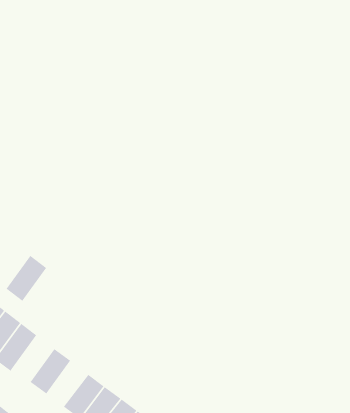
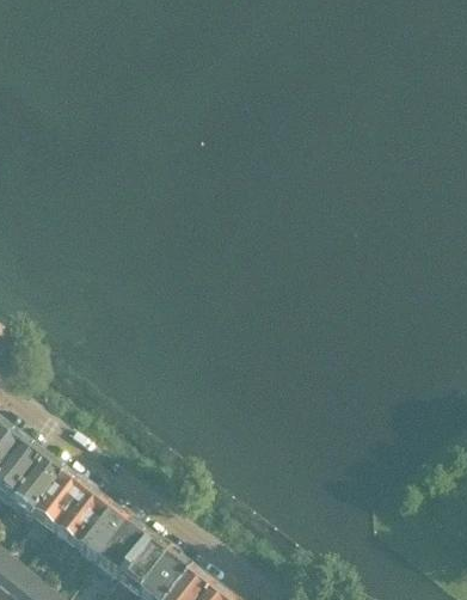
building: [6,255,47,302] -> [41,478,93,538]
building: none -> [84,510,136,569]

